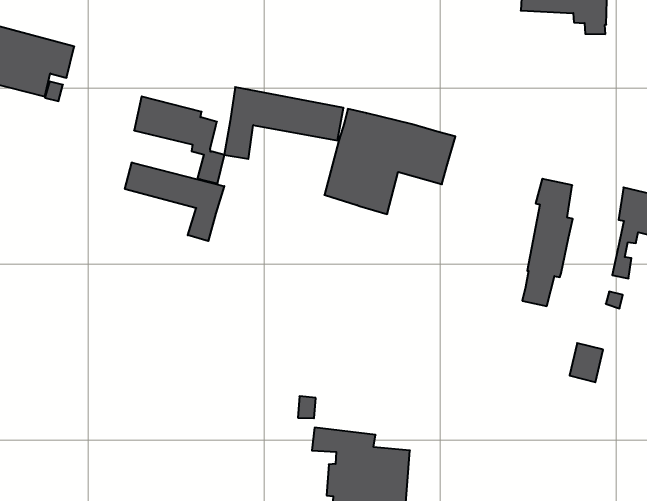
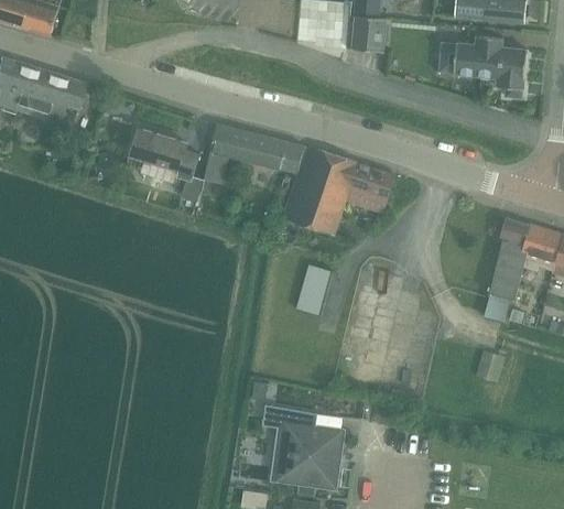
building: [125,162,224,241] -> none
building: [522,179,573,306] -> [482,217,529,322]
building: none -> [295,263,330,315]

